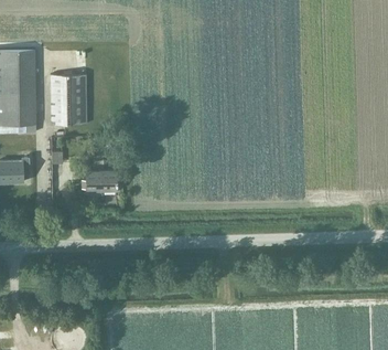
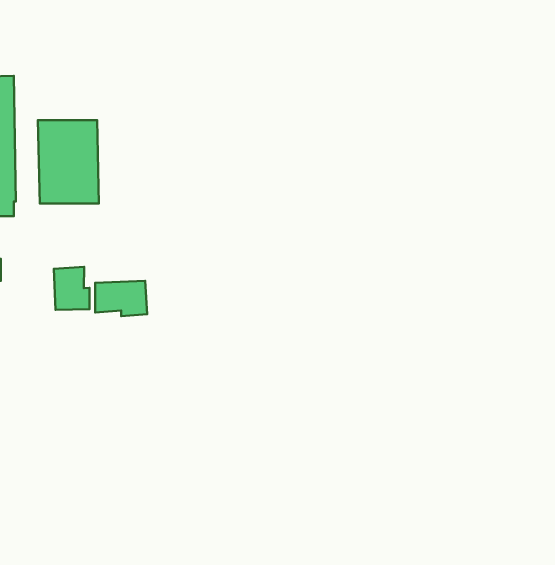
building: none -> [54,267,90,310]

